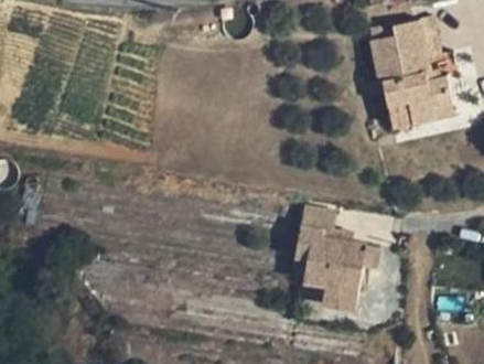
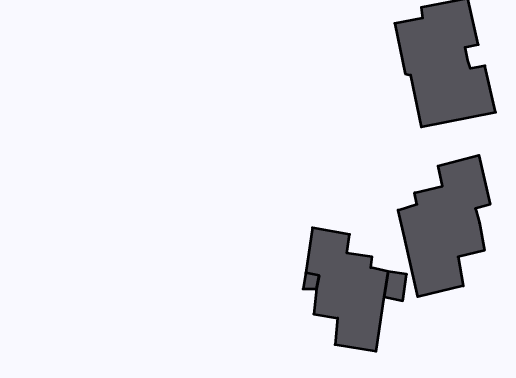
building: none -> [398,155,490,297]

